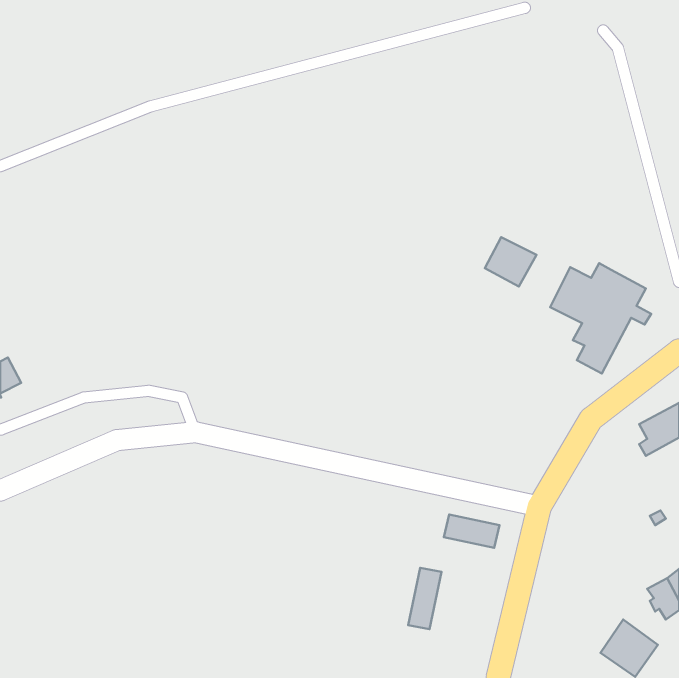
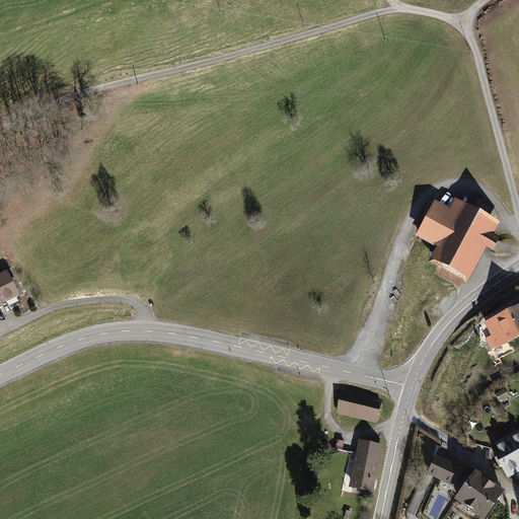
building: [485,237,536,286] -> none
building: [408,568,441,629] -> [353,443,378,490]
building: none -> [429,455,462,485]

